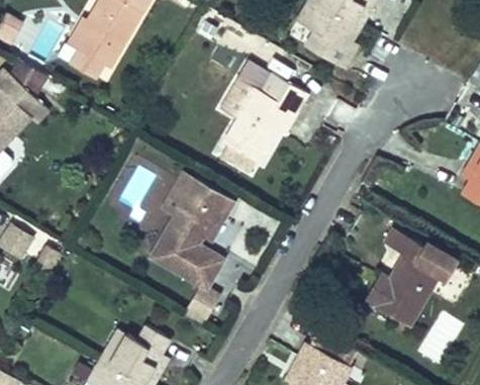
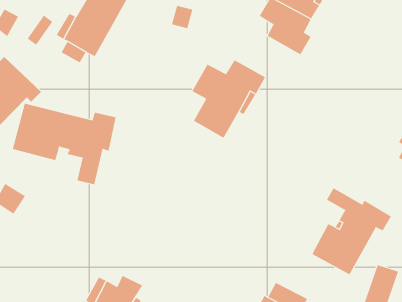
building: none -> [12,103,116,185]
building: [147,174,232,328] -> none

